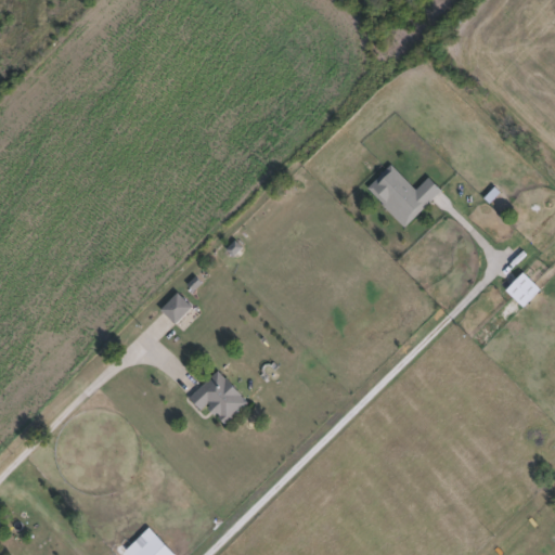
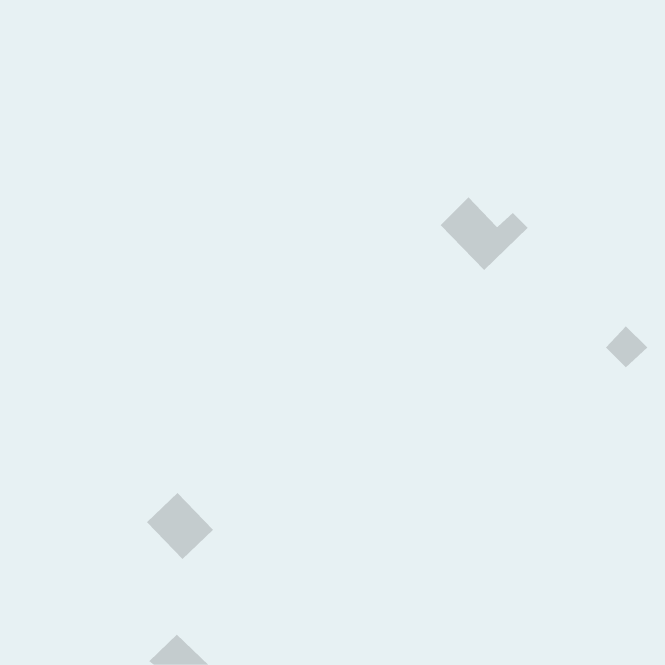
building: [159,292,191,323] -> none
building: [191,371,247,427] -> [146,492,214,560]

